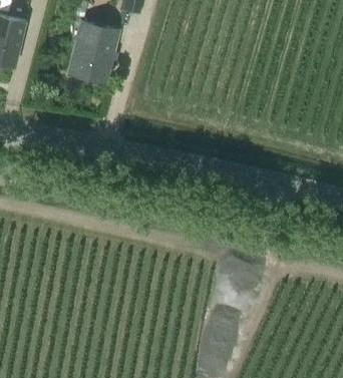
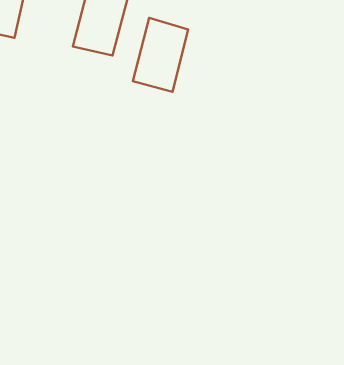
building: none -> [133,18,188,92]

